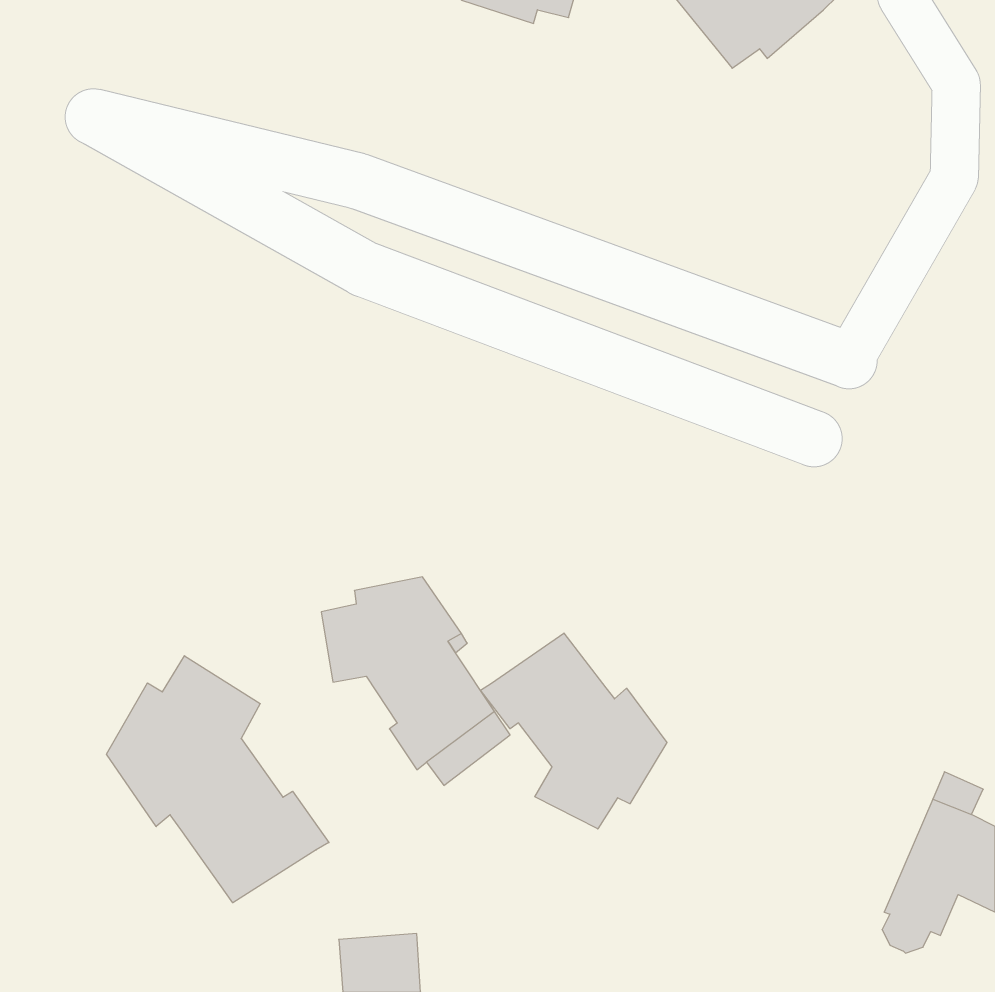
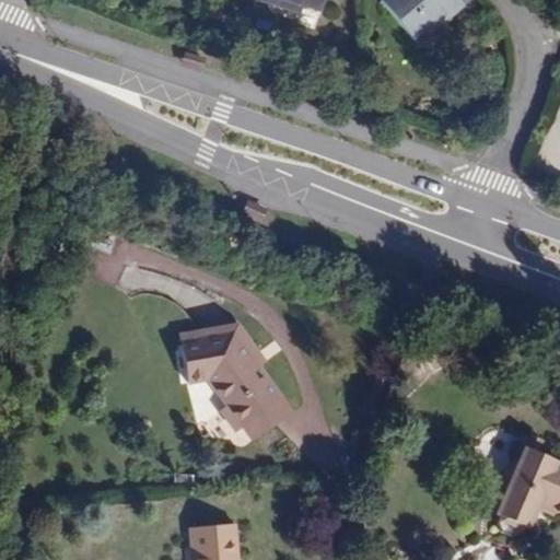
building: [481,633,667,829] -> none
building: [106,656,329,903] -> none

